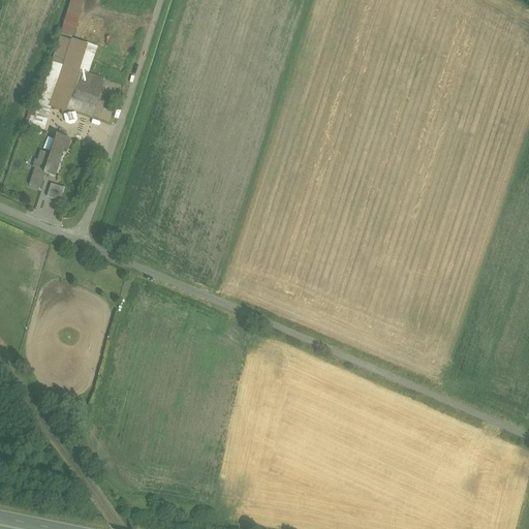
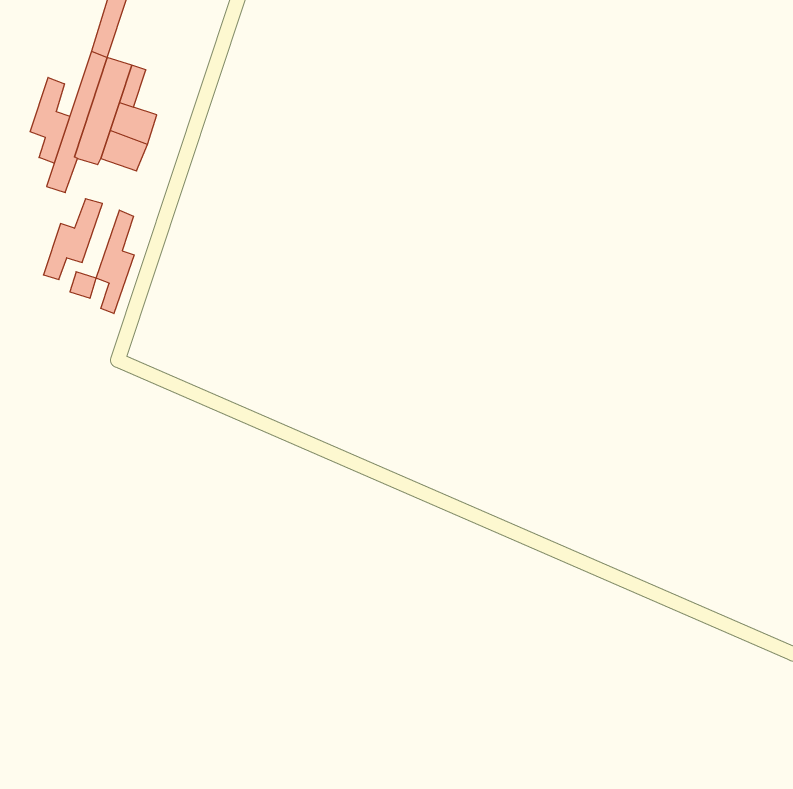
building: none -> [30,77,70,163]
building: none -> [96,210,134,314]

